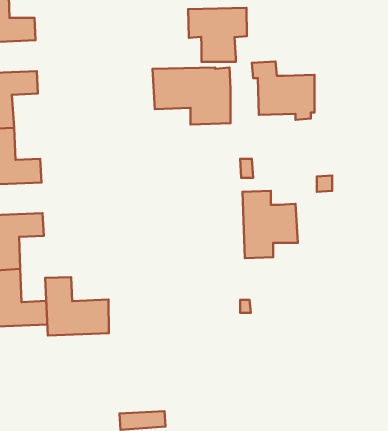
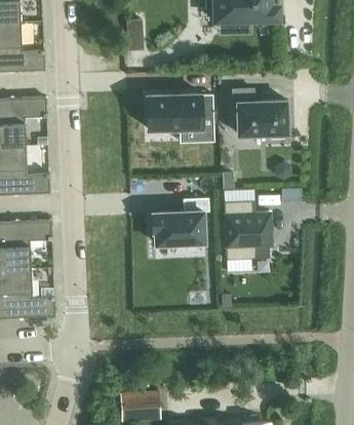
building: [188,8,247,62] -> none
building: none -> [151,199,210,245]
building: [45,277,109,336] -> none

